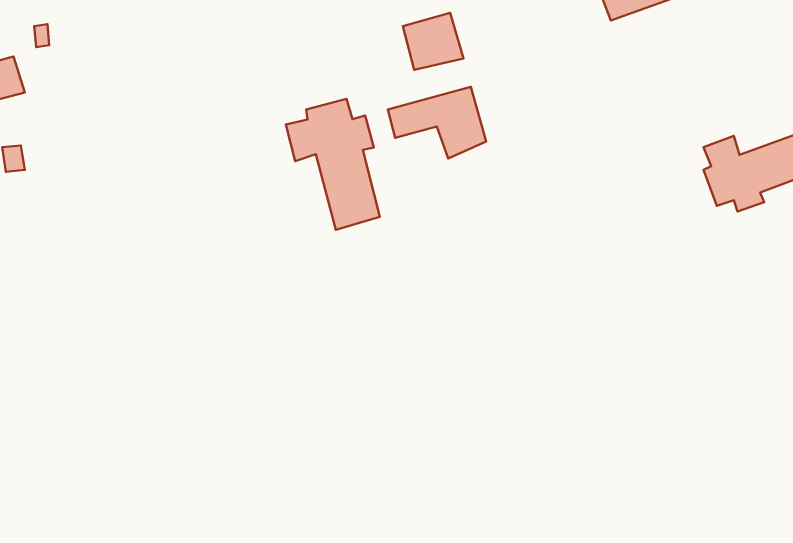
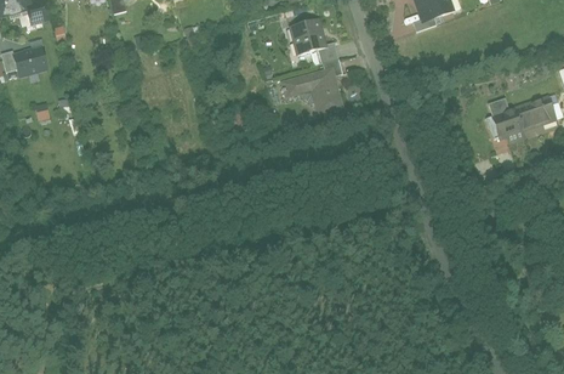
building: [286,99,380,230] -> none

